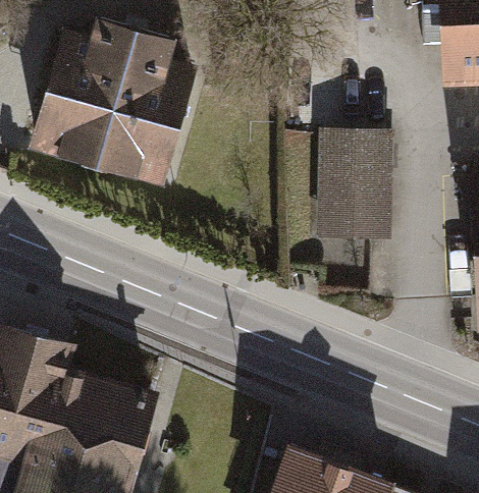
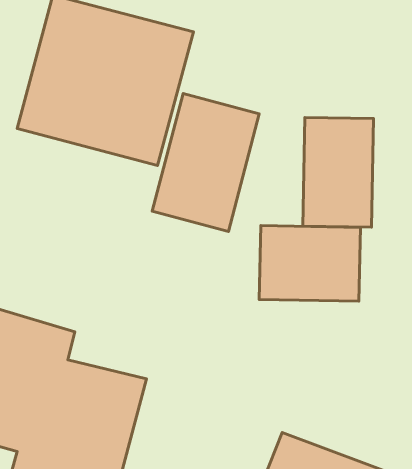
building: none -> [152,94,259,231]
building: none -> [259,226,361,301]

